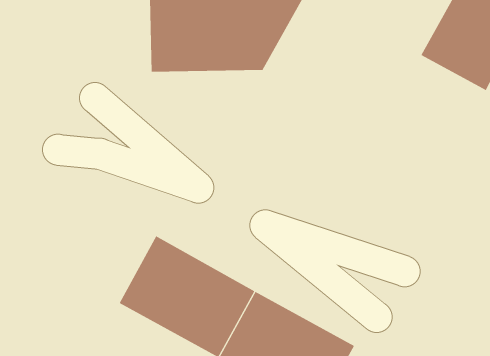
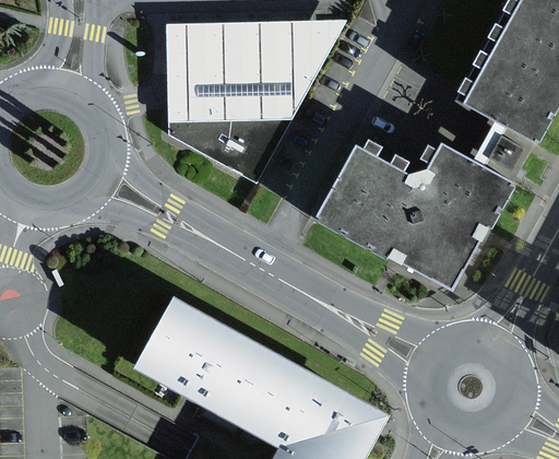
building: none -> [167,117,290,181]
building: none -> [325,138,521,285]

